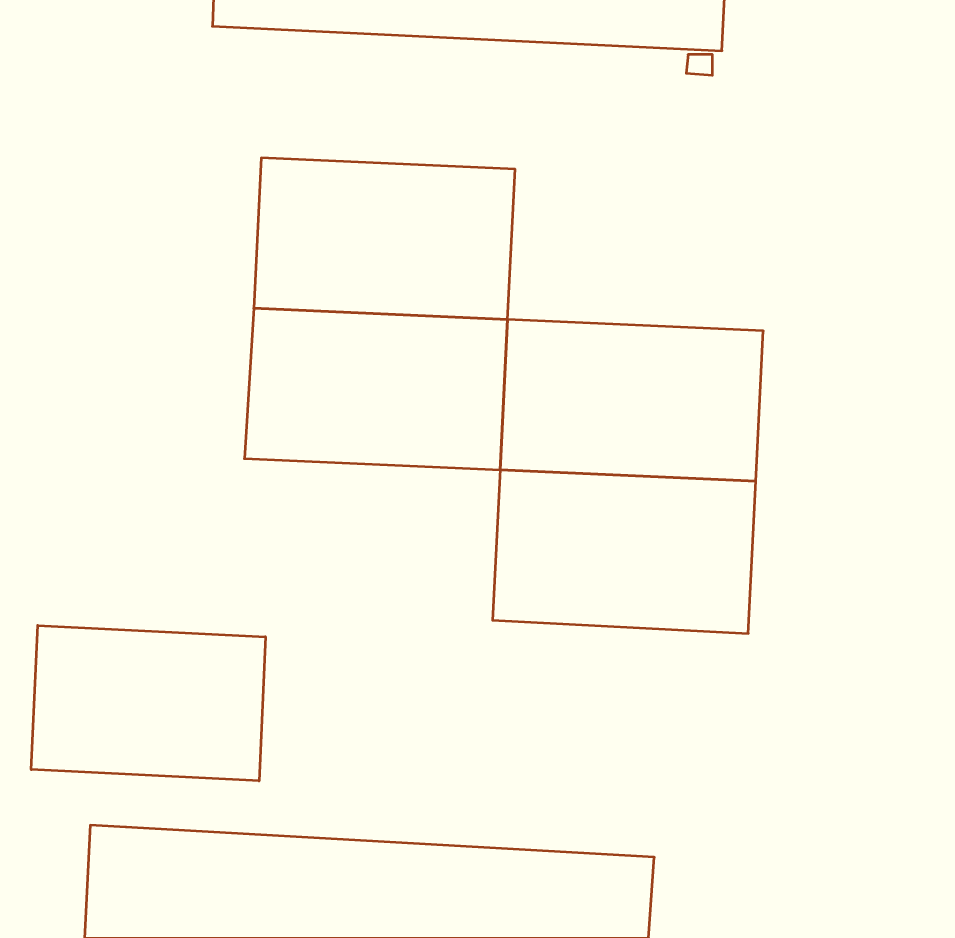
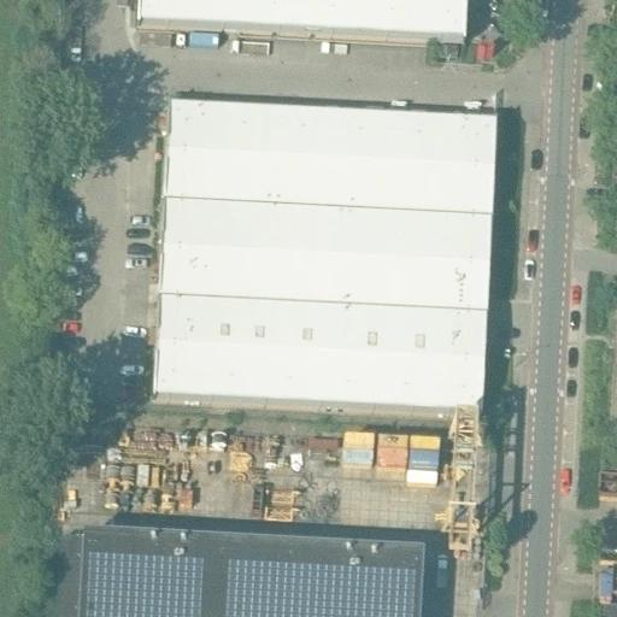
building: none -> [329,108,498,212]
building: none -> [155,294,324,398]
building: [31,625,265,781] -> none

